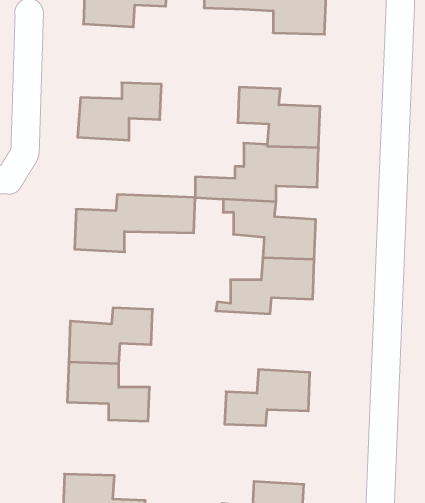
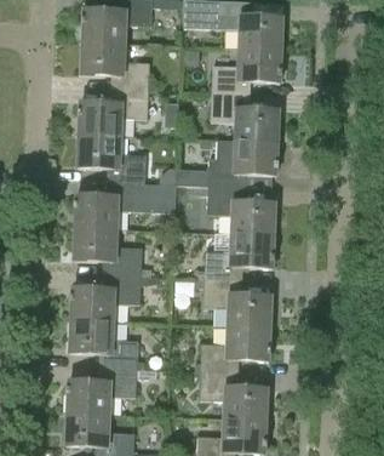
building: none -> [82,41,149,91]
building: none -> [212,49,282,95]
building: none -> [78,135,176,184]
building: none -> [75,227,142,277]
building: none -> [193,278,271,329]
building: none -> [68,367,137,414]
building: none -> [199,371,266,421]

